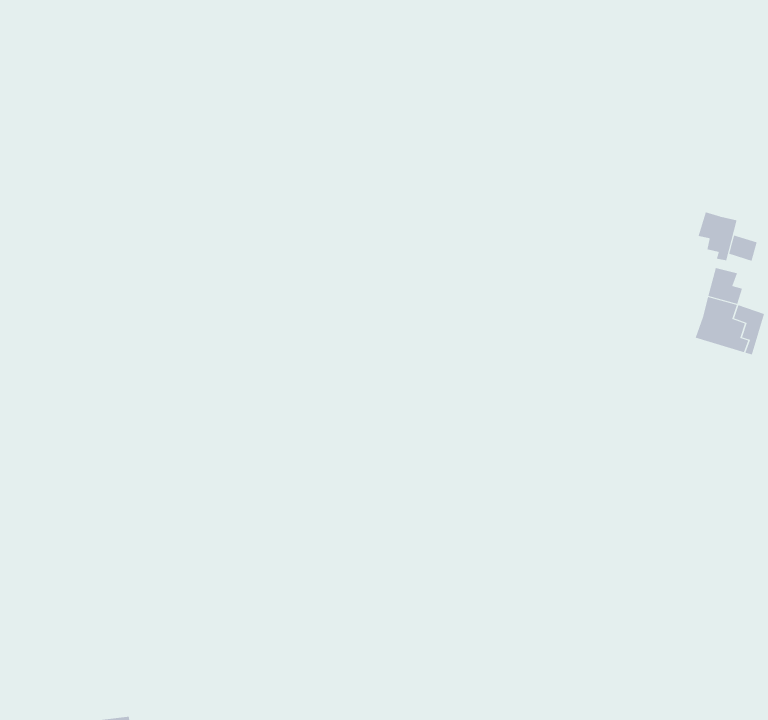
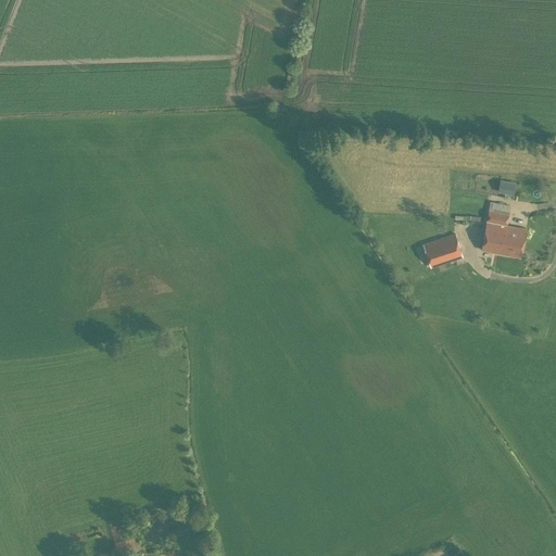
building: [698,211,737,261] -> none
building: none -> [422,232,463,267]

